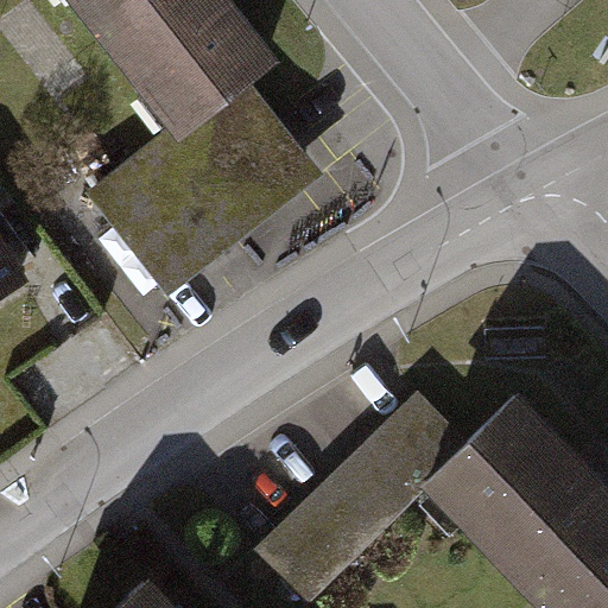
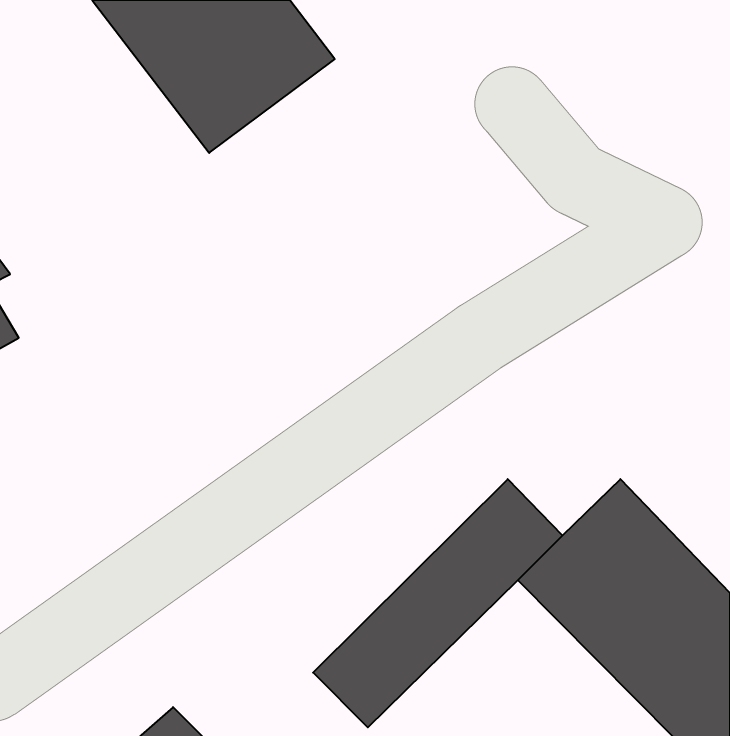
building: [84,75,319,296] -> none

